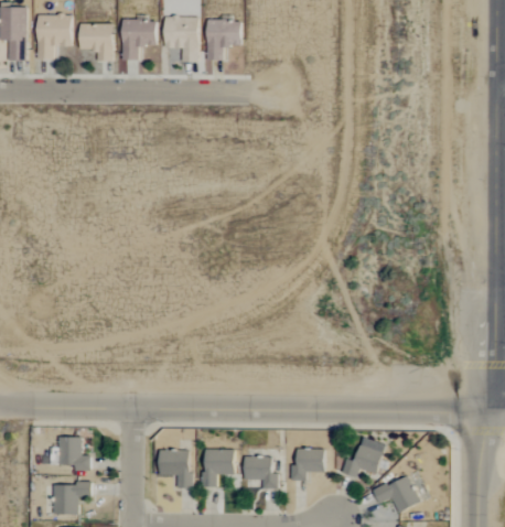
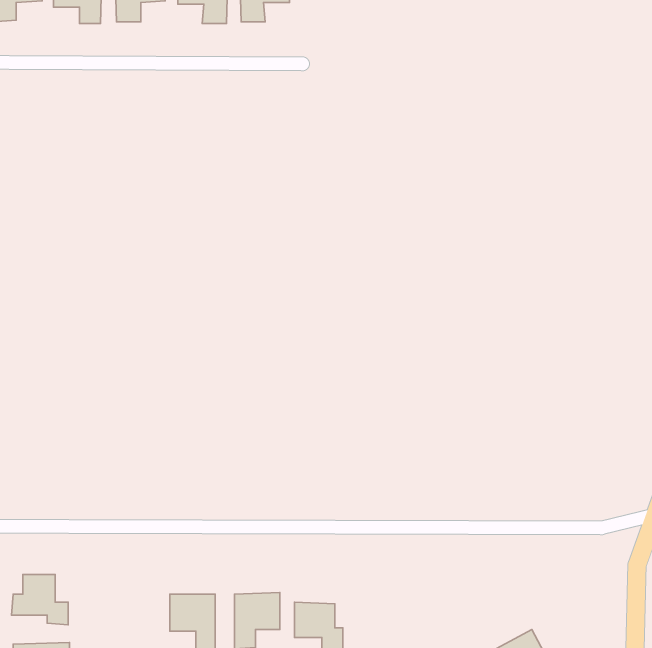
building: [341,437,385,477] -> none
building: [290,448,324,481] -> none

